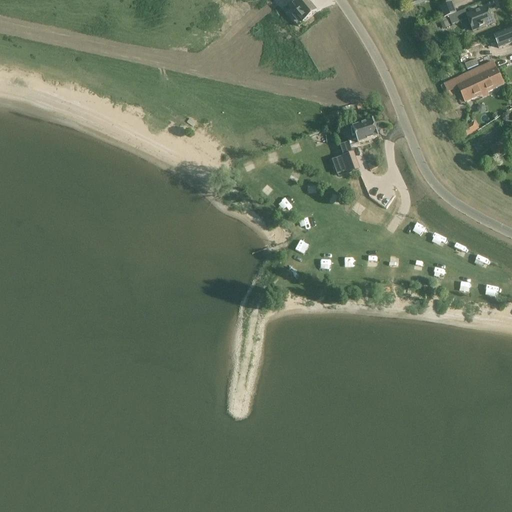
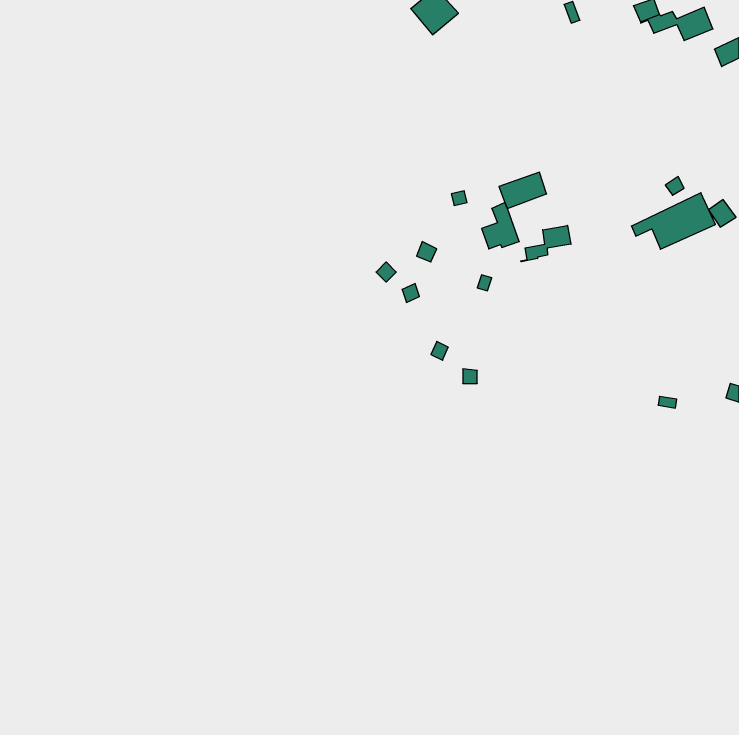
building: [445,60,503,99] -> [631,193,715,249]
building: none -> [521,225,571,262]

